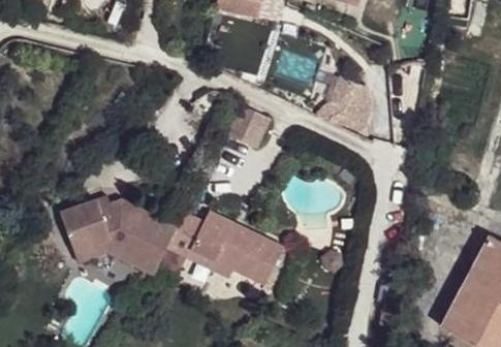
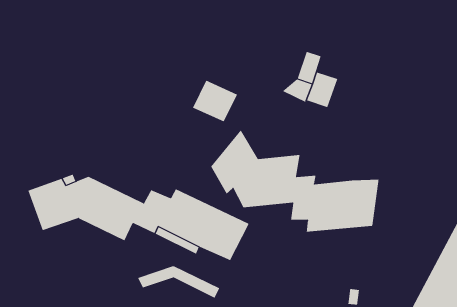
building: none -> [211,129,379,232]
building: [74,241,157,274] -> [137,266,220,299]

